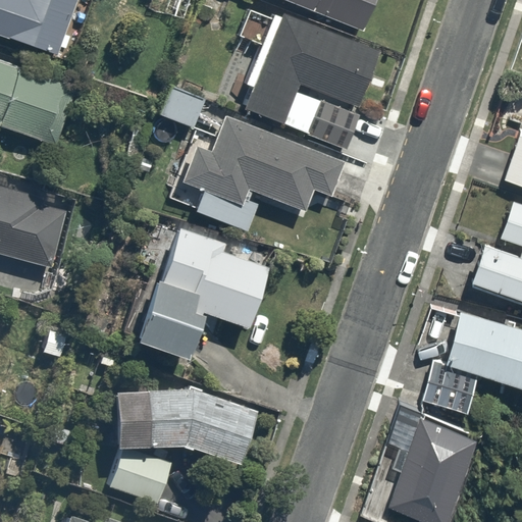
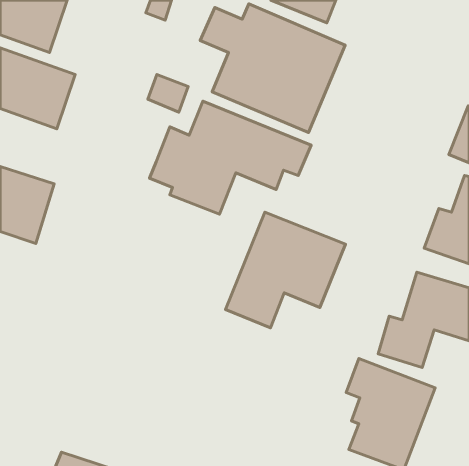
building: [138,230,271,359] -> [225,212,346,328]
building: [115,389,260,465] -> none
building: [105,451,174,508] -> none

